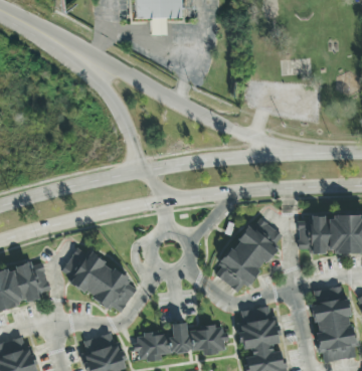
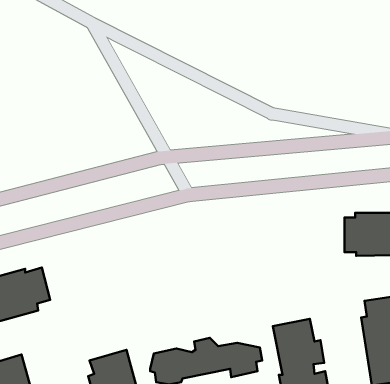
building: [215,218,283,295] -> none
building: [61,248,136,315] -> none

